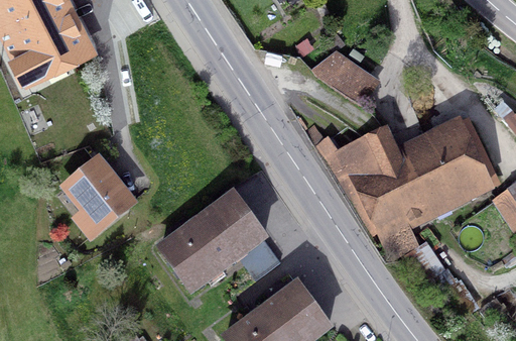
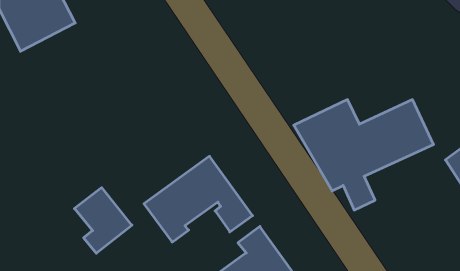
building: [316,55,370,97] -> none
building: [69,161,132,234] -> [74,188,132,253]

